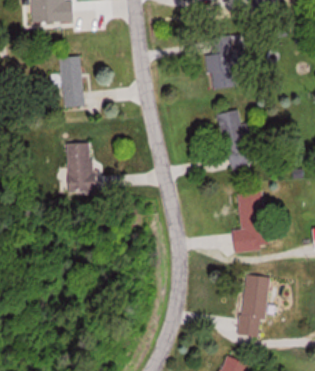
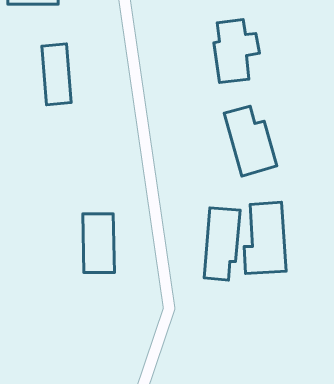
building: [67,143,94,193] -> [83,214,114,273]
building: [238,275,269,337] -> [204,208,240,280]

